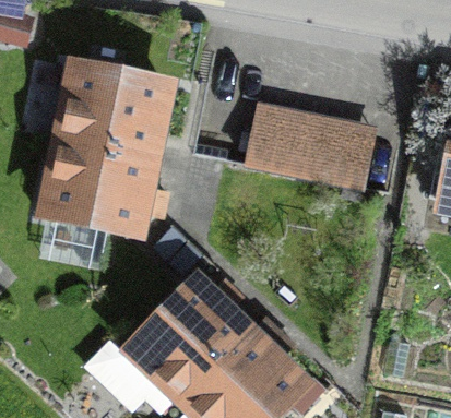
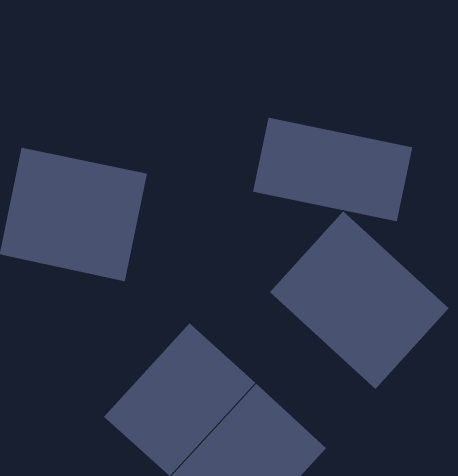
building: [55,53,177,154] -> none
building: none -> [269,211,450,390]

